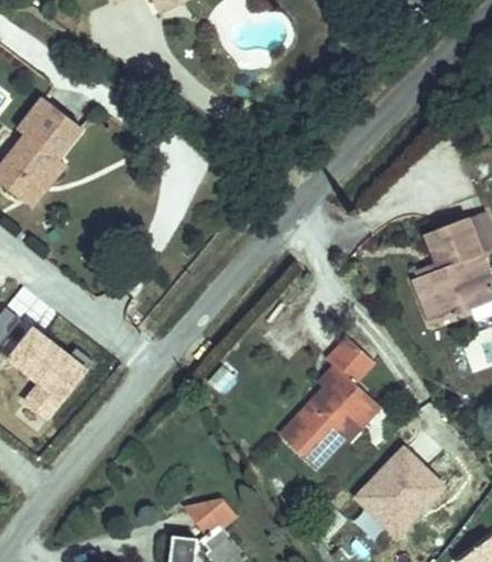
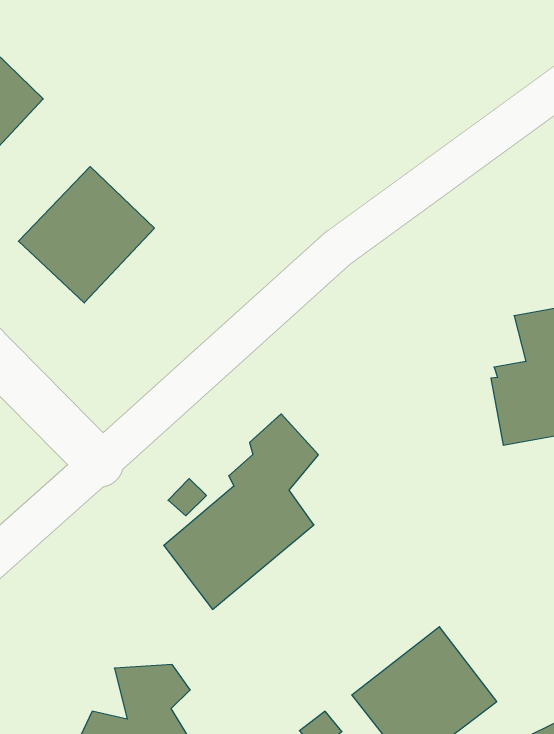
building: none -> [18,167,154,303]
building: [280,333,379,471] -> [164,414,318,609]

